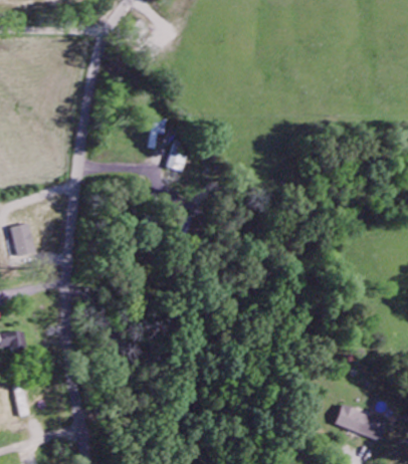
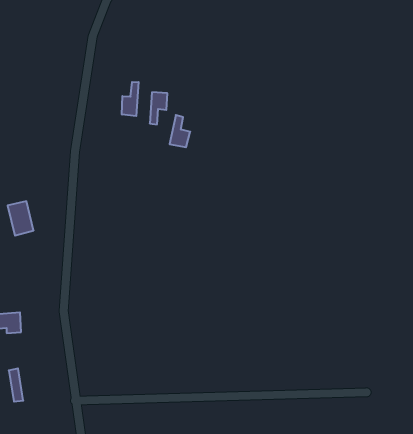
building: none -> [122,82,139,116]
building: [334,406,386,439] -> none

